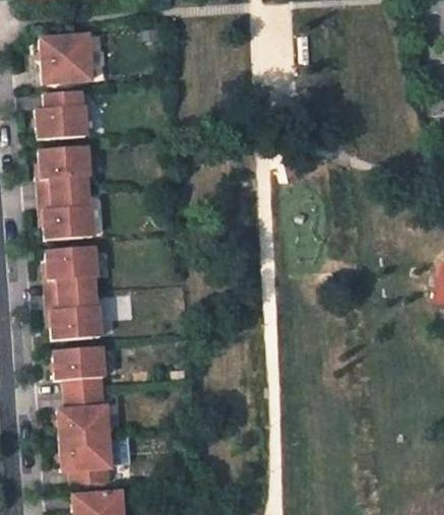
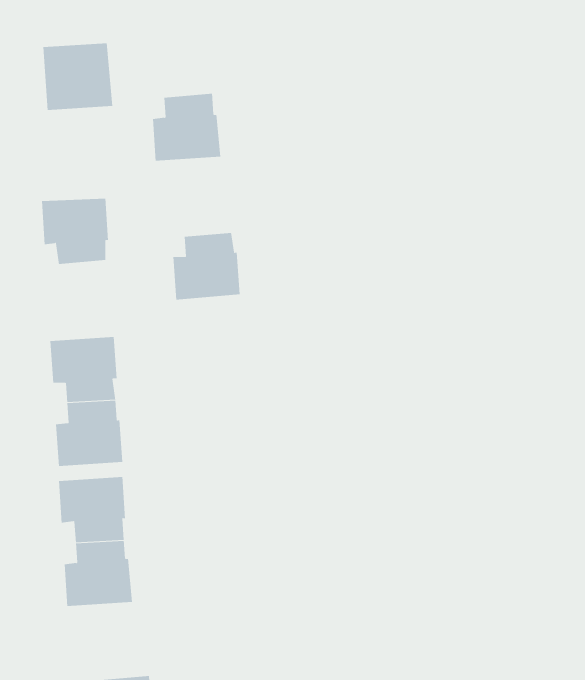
building: [38,90,87,139] -> [152,93,221,161]
building: [45,191,93,240] -> [173,232,240,300]
building: [59,437,108,485] -> none

